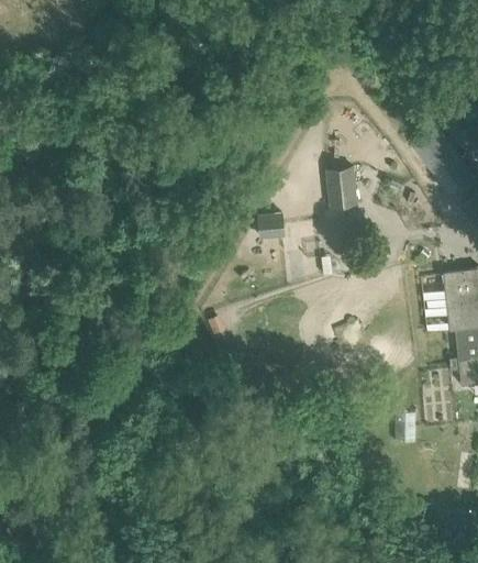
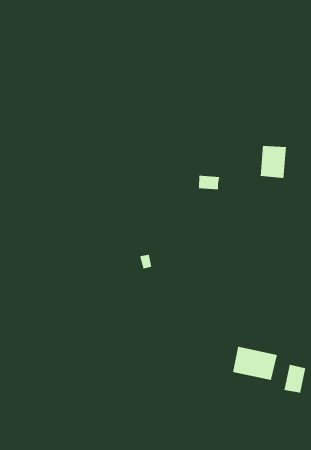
building: none -> [232,346,278,381]

